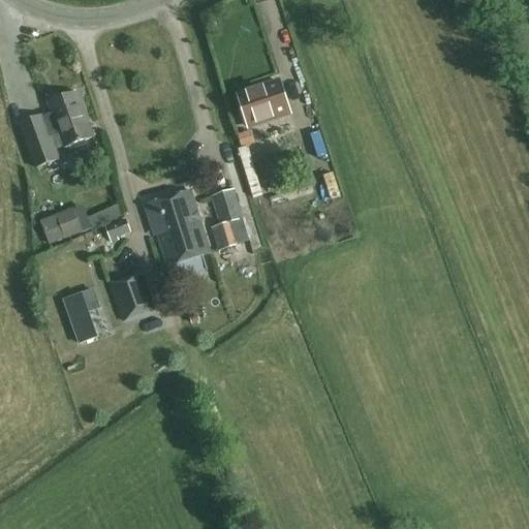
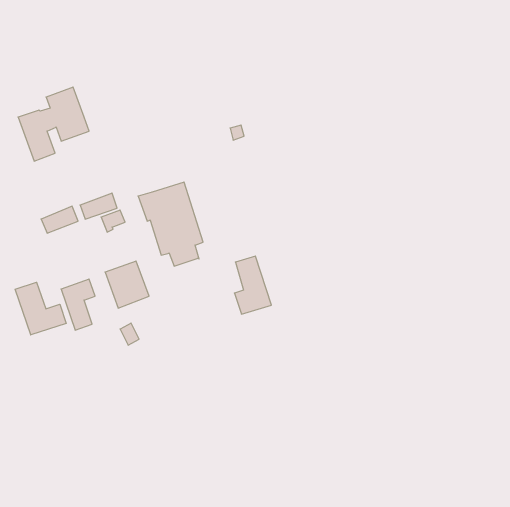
building: [238,79,288,124] -> none
building: [211,188,249,248] -> [234,256,271,314]
building: none -> [15,282,66,335]

